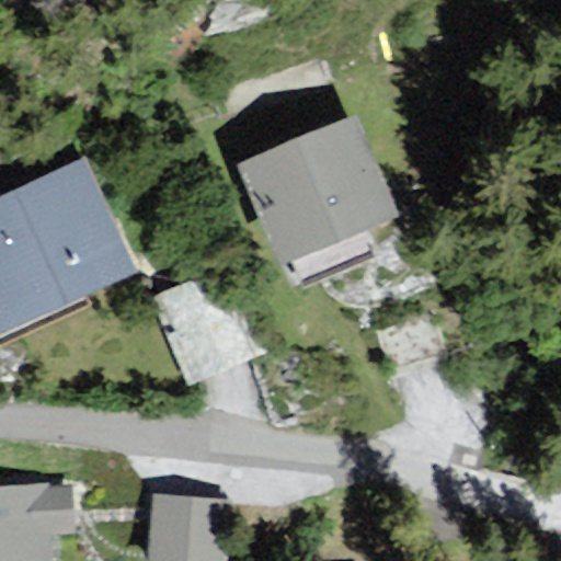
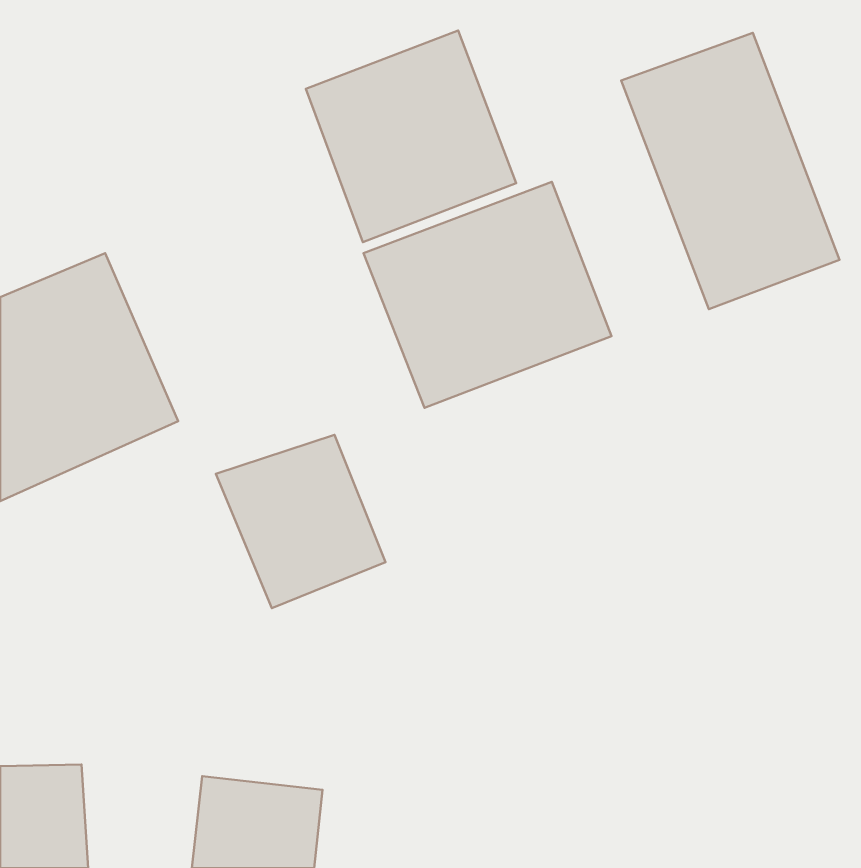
building: none -> [306,31,516,242]
building: none -> [621,33,839,309]

